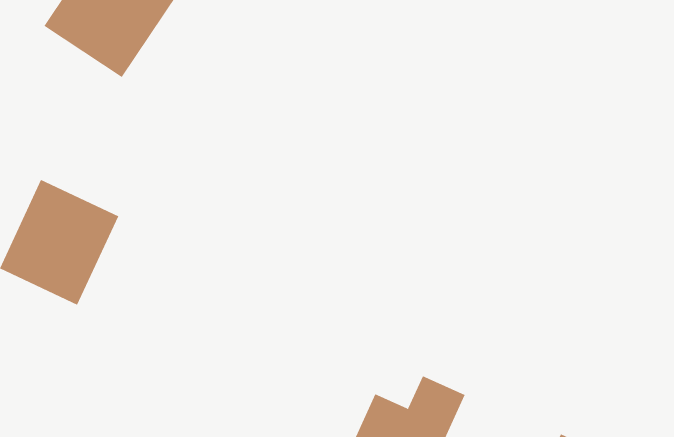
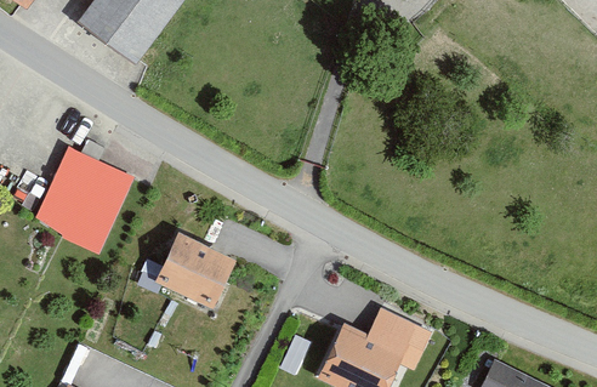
building: none -> [153,234,234,309]

